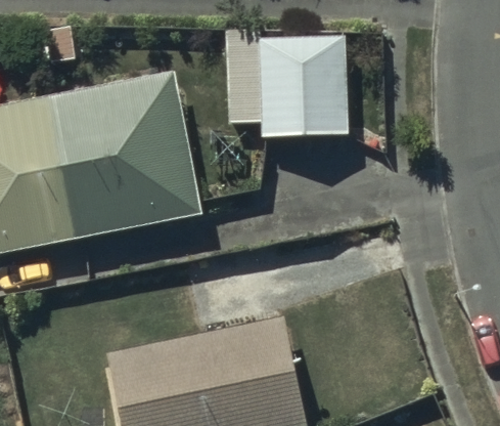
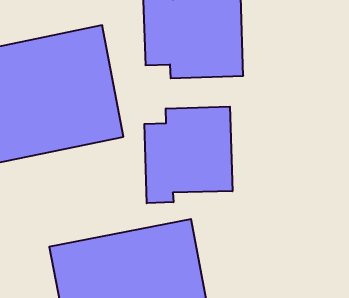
building: none -> [144,107,232,203]

